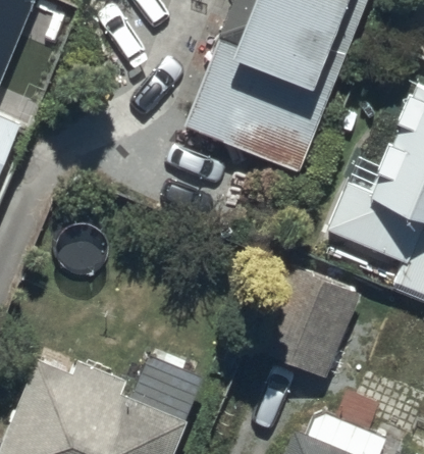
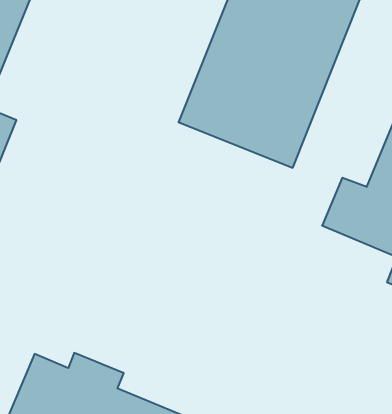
building: [254,266,359,377] -> none

